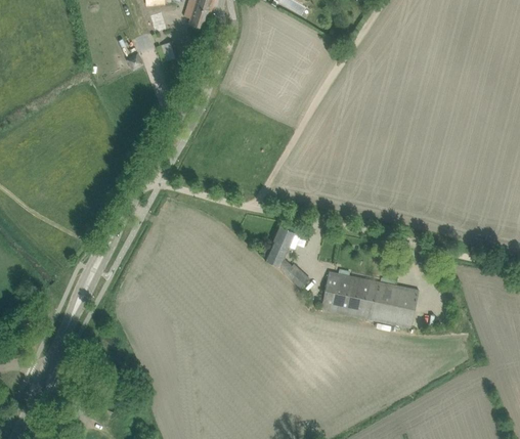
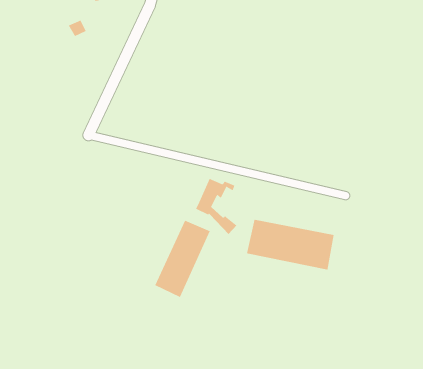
building: none -> [154,220,210,298]

